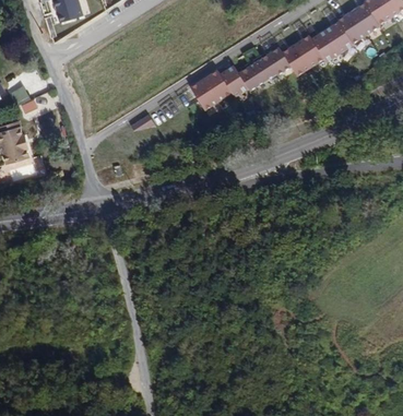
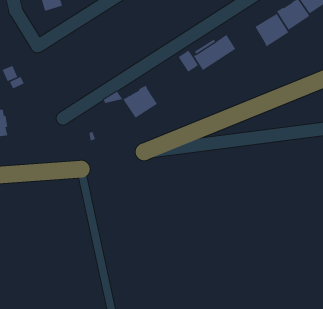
building: [285,34,327,74] -> none
building: [192,69,235,109] -> [122,85,158,119]

